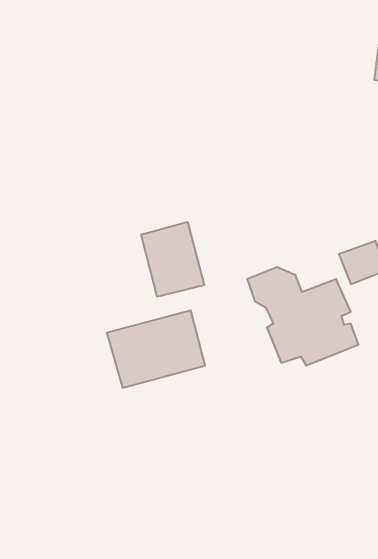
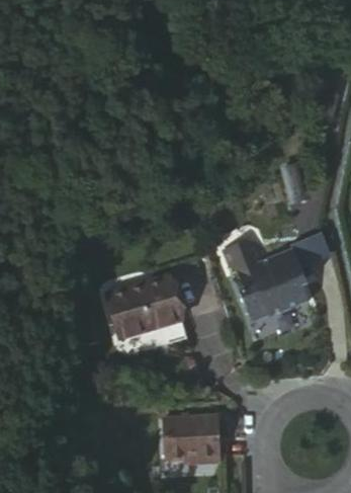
building: [141,222,204,297] -> none
building: none -> [165,416,221,461]

